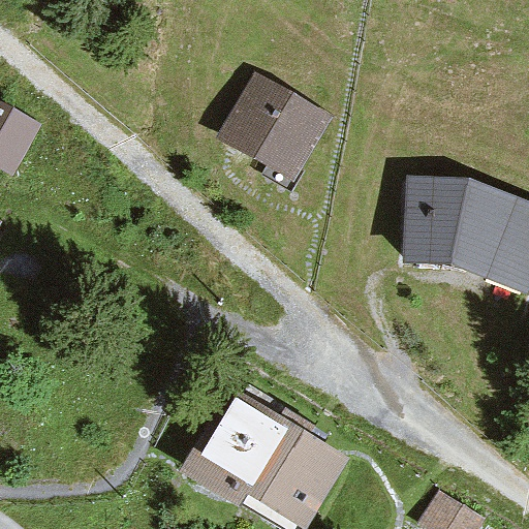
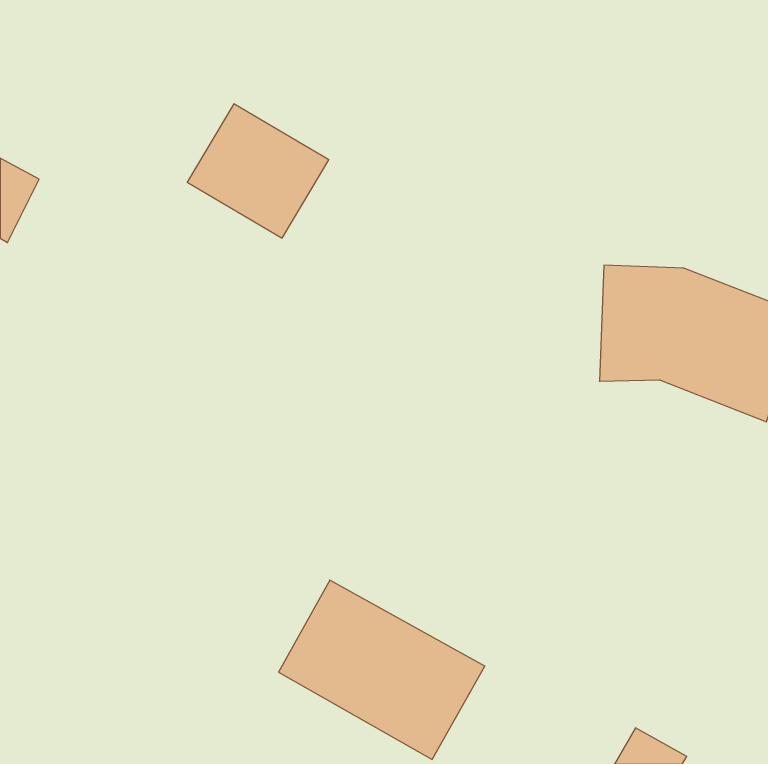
building: [227,81,324,173] -> [187,104,329,238]

